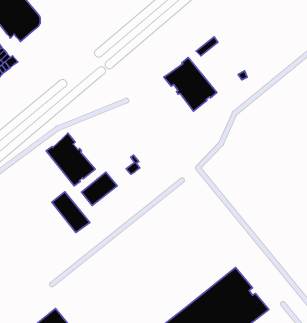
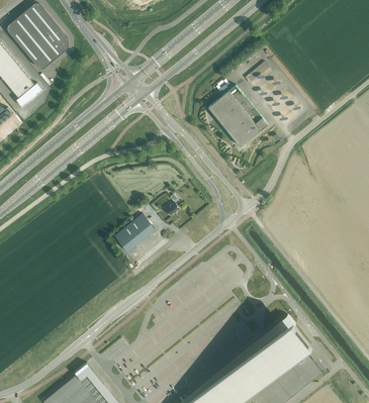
building: [46,133,95,186] -> none
building: [52,192,90,233] -> none

